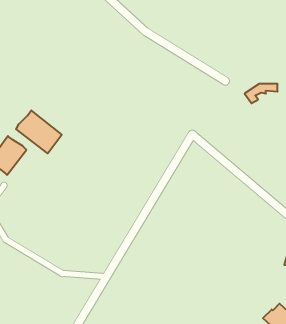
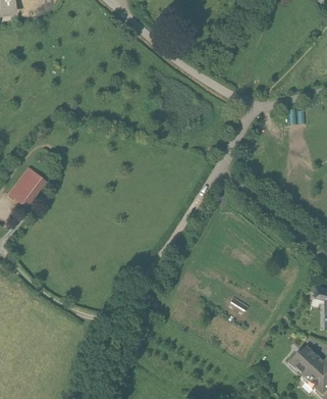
building: [16,110,62,153] -> none

